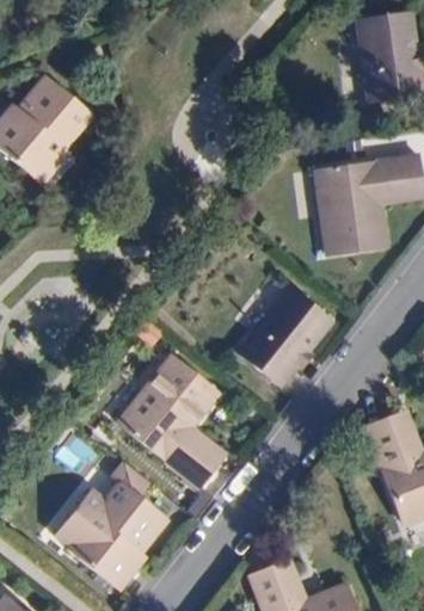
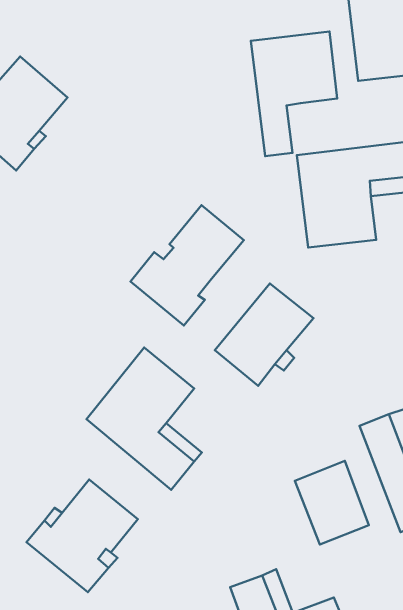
building: none -> [251,32,337,156]
building: none -> [131,205,244,325]
building: none -> [295,461,369,544]

